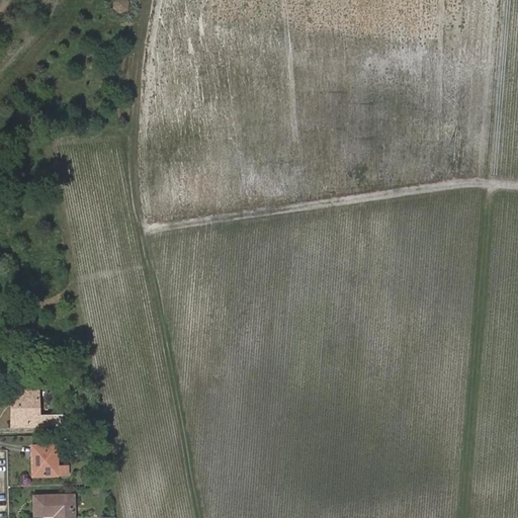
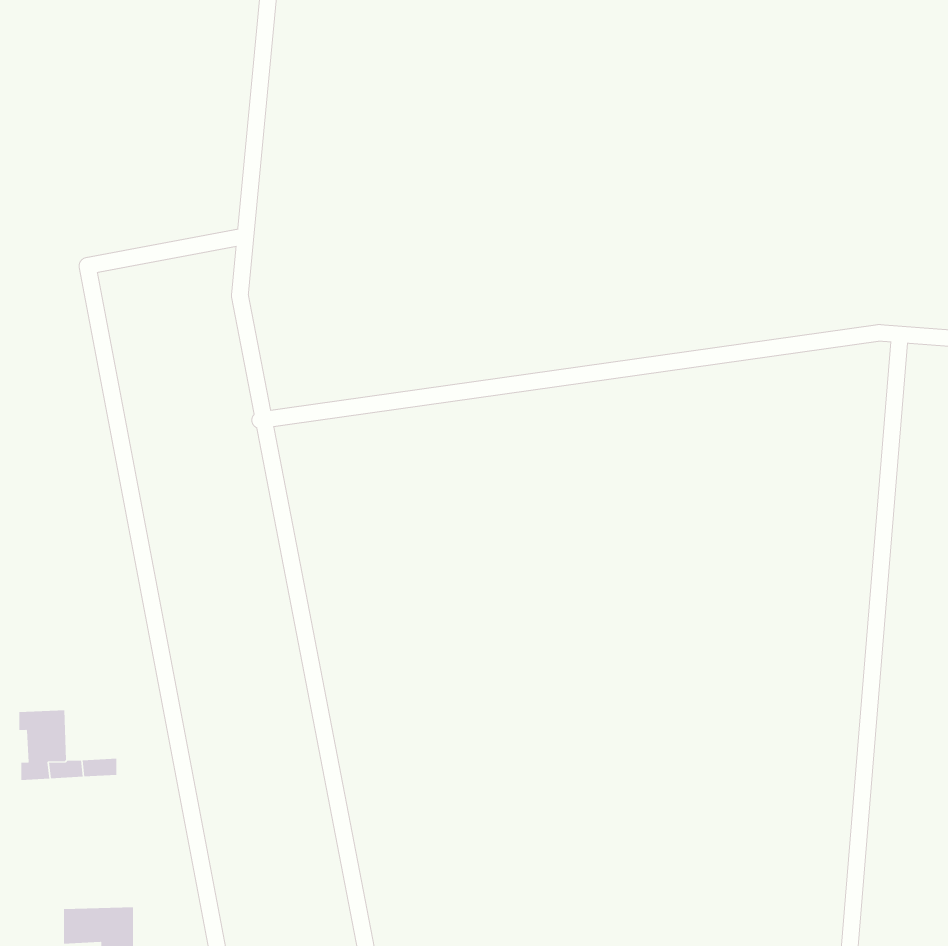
building: [32,446,69,476] -> none

